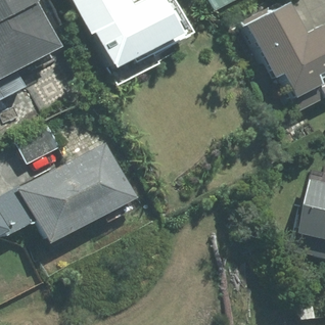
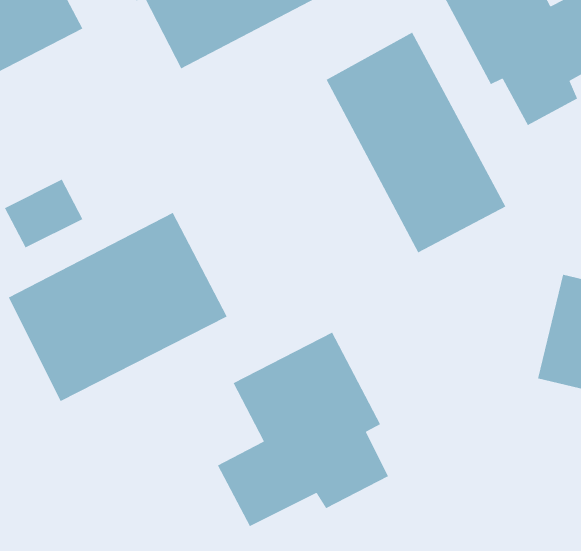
building: none -> [325,32,507,253]
building: none -> [217,332,389,527]

